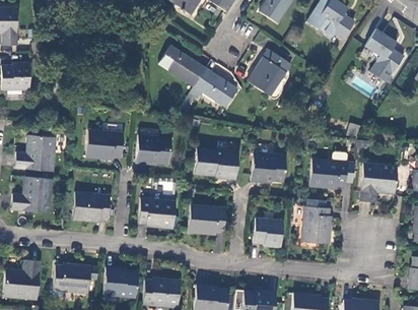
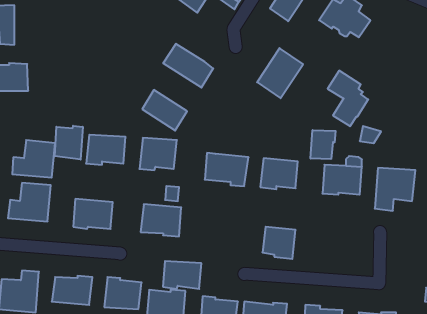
building: [364,28,403,81] -> [328,71,368,126]
building: [195,68,237,107] -> [142,90,187,131]
building: none -> [55,126,83,160]
building: none -> [311,130,336,159]
building: [188,206,224,233] -> [163,261,201,289]
building: [300,206,331,243] -> none

